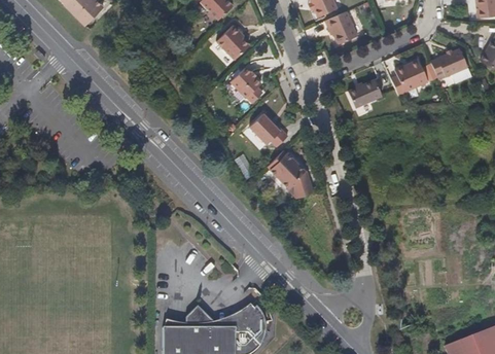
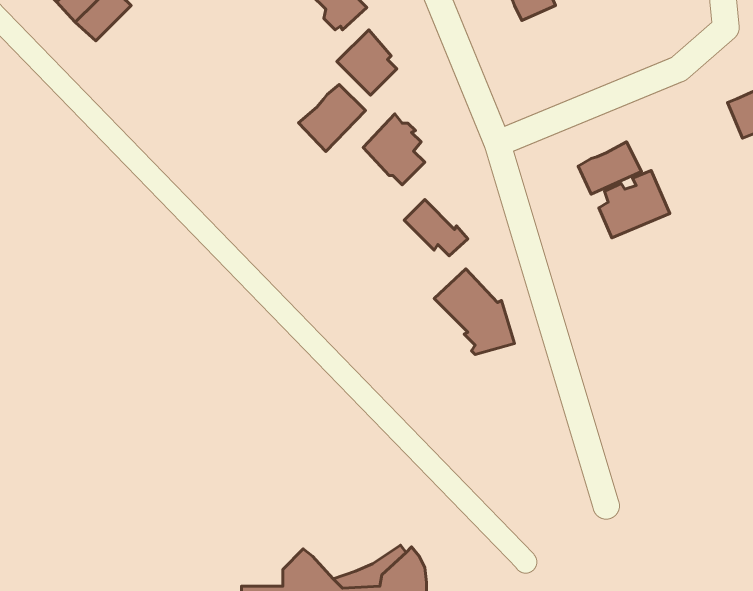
building: [325,10,360,45] -> none
building: none -> [299,85,365,152]
building: [392,61,431,98] -> [599,171,670,238]

